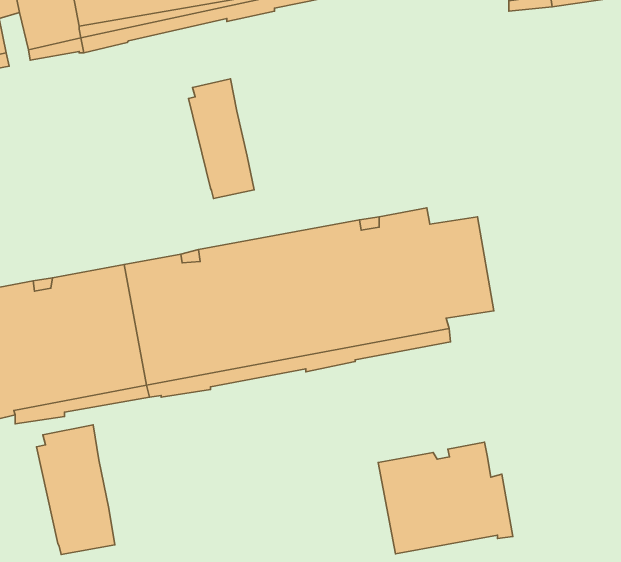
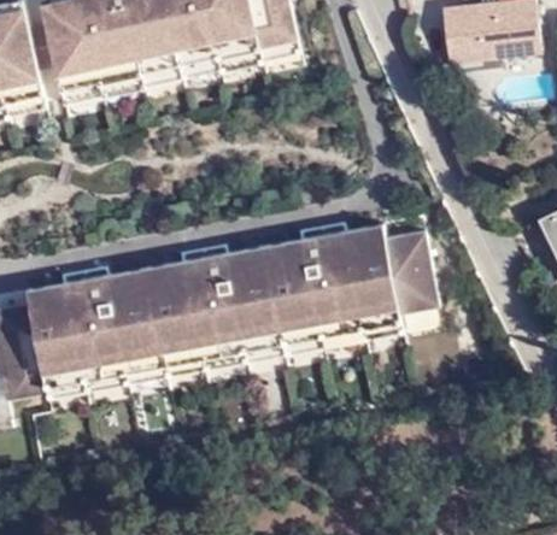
building: [188,79,254,198] -> none
building: [36,425,115,555] -> none
building: [378,442,513,554] -> none

